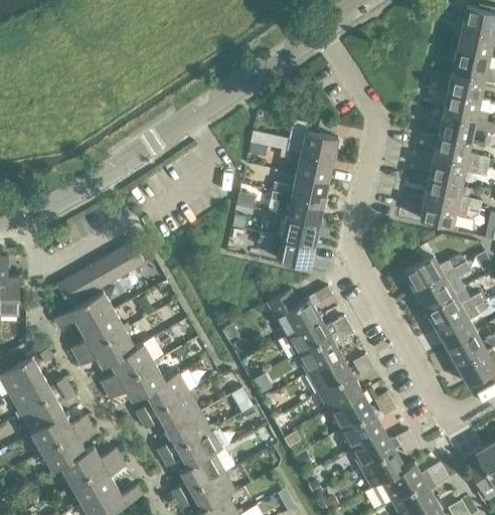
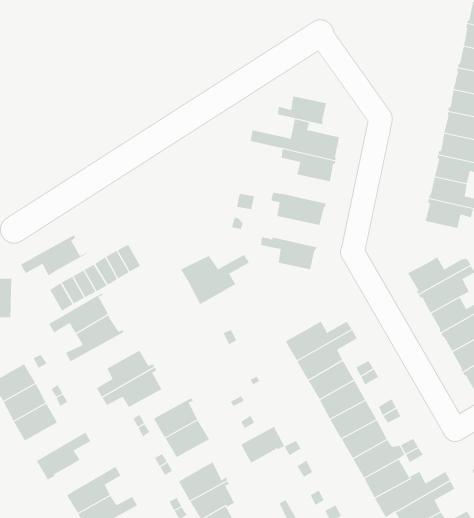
building: [281,175,329,203] -> [277,96,327,125]
building: [272,215,319,245] -> none
building: [266,288,333,337] -> [180,254,250,305]
building: [76,328,144,368] -> [20,235,90,276]
building: [147,374,194,411] -> none
building: [32,415,92,453] -> none
building: [179,432,222,468] -> [240,426,285,463]
building: [61,448,121,486] -> none

